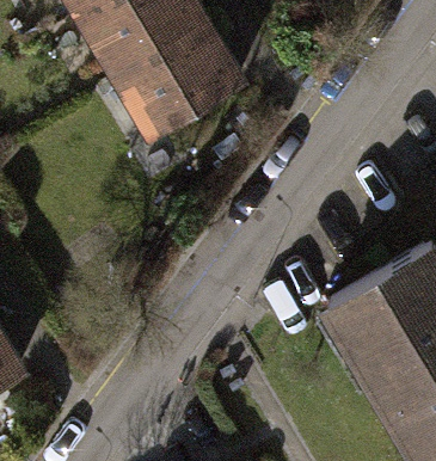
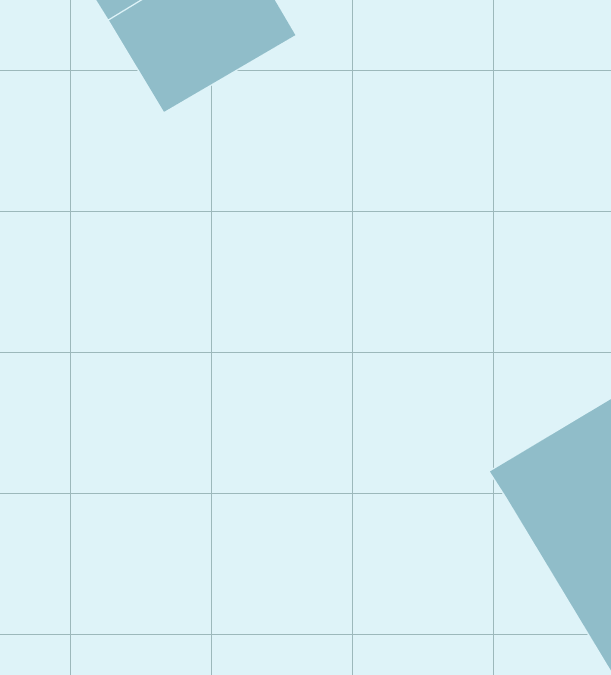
building: [113,30,237,141] -> none

